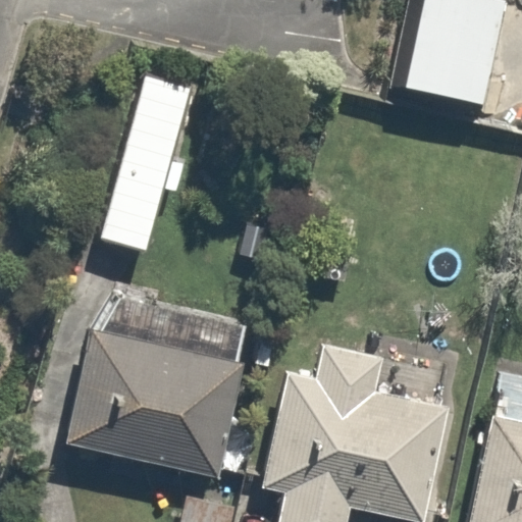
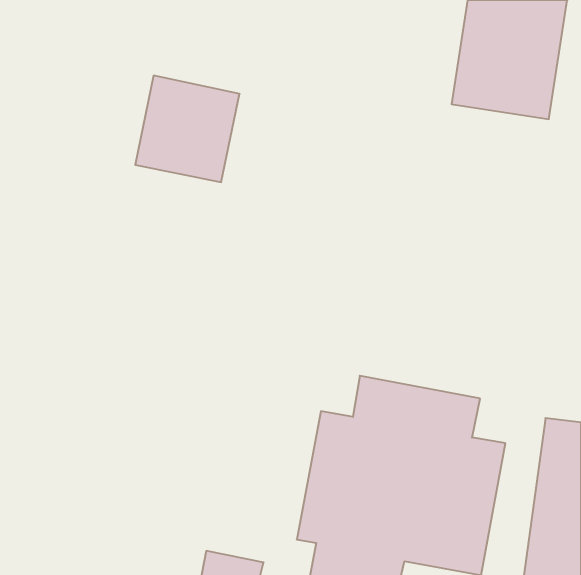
building: [71,336,239,469] -> none

